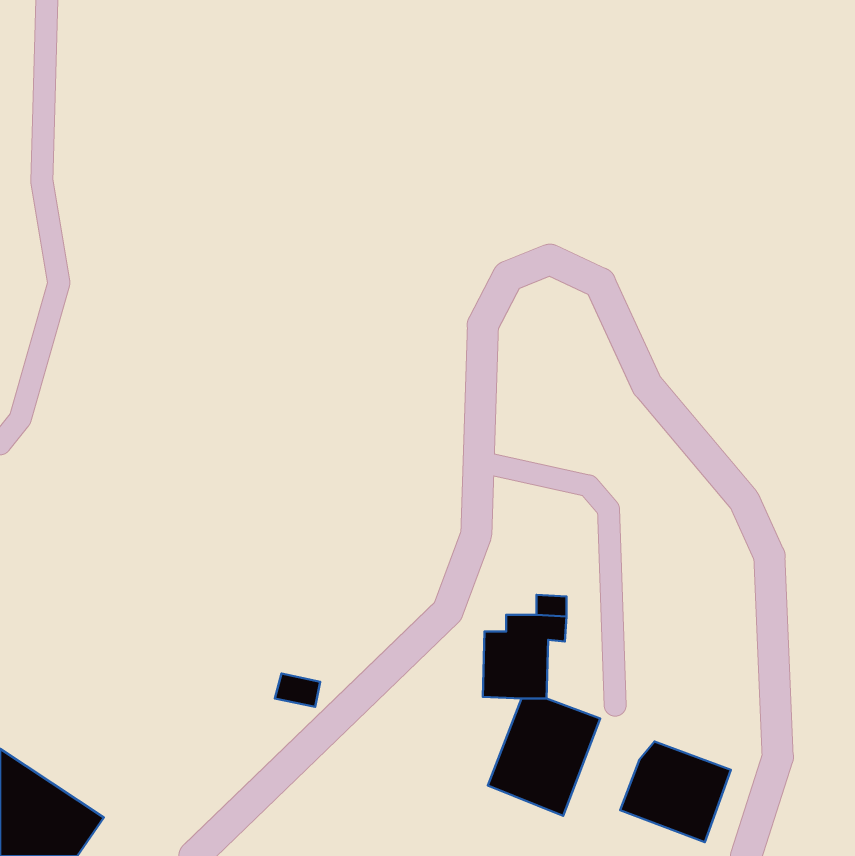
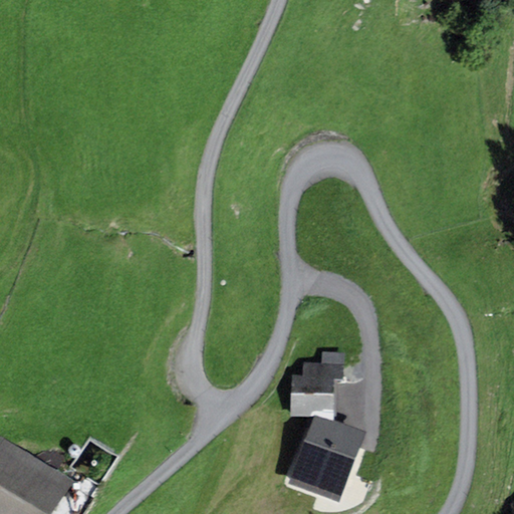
building: [620,741,731,842] -> none

